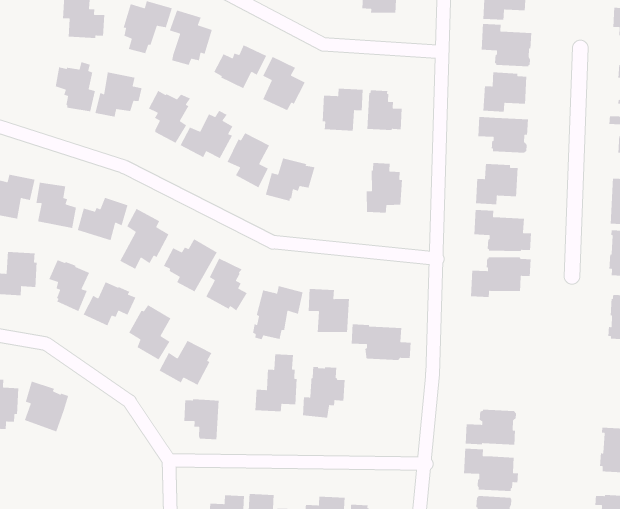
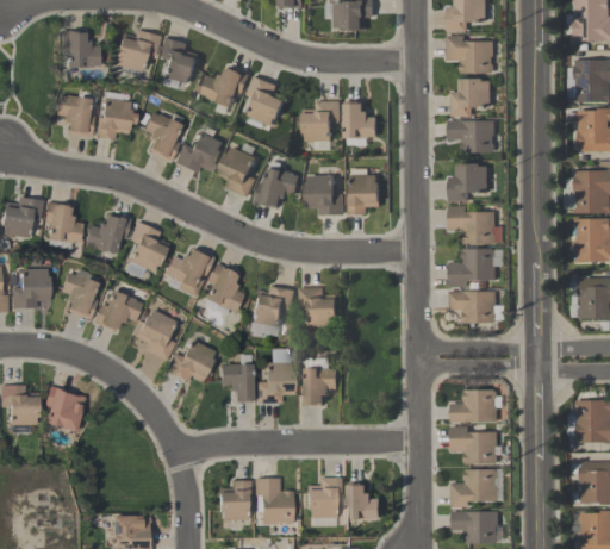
building: none -> [307,175,344,214]
building: [351,323,412,361] -> [449,291,505,323]
building: [183,399,219,440] -> [220,364,253,401]

